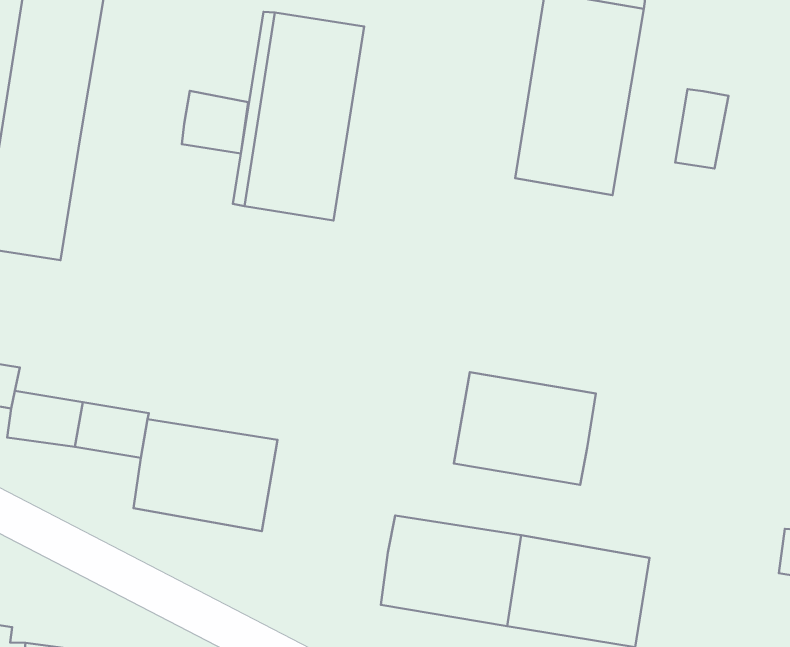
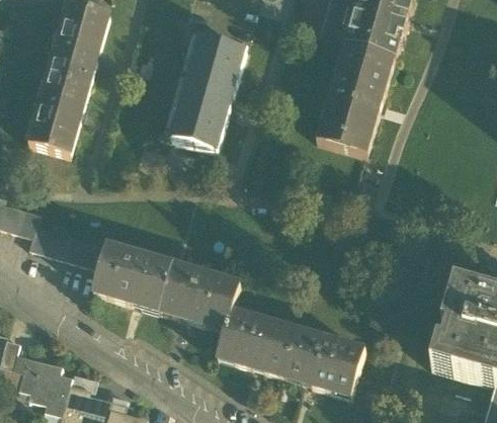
building: [675,89,728,168] -> none
building: [182,91,248,154] -> none
building: [454,372,596,485] -> [158,263,238,330]

